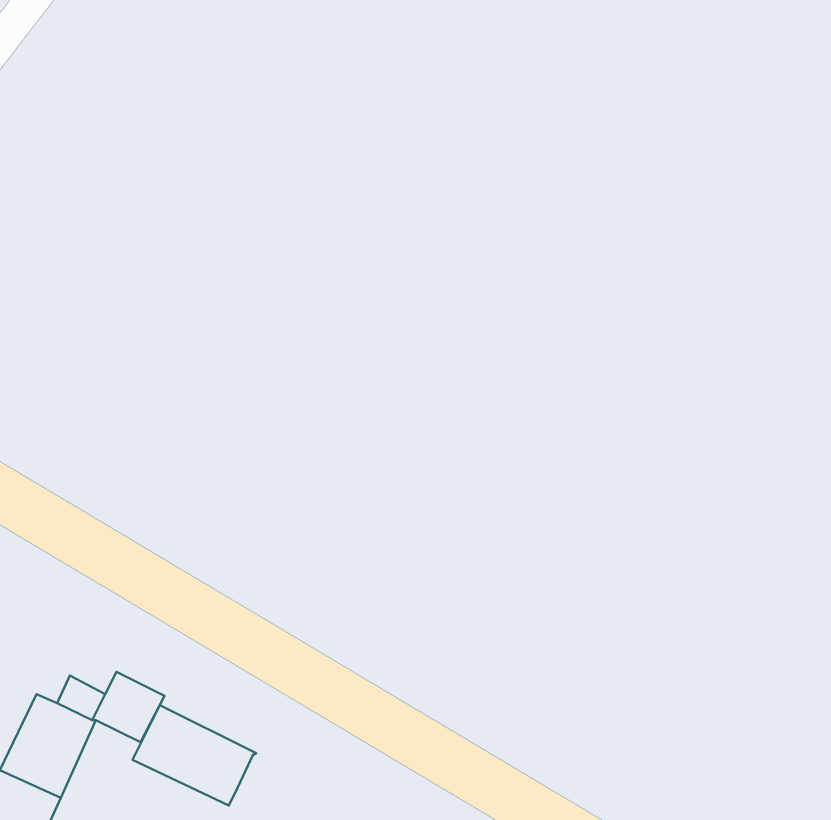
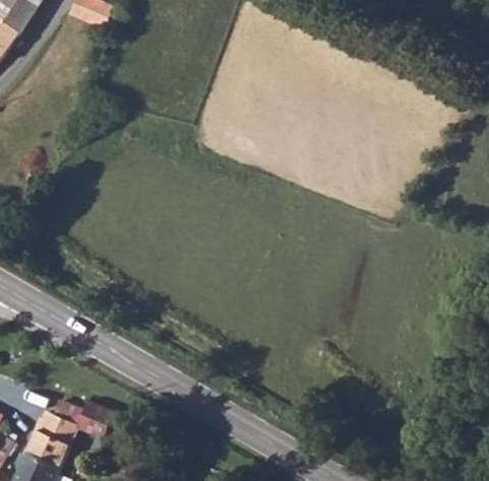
building: [133,705,256,806] -> none

